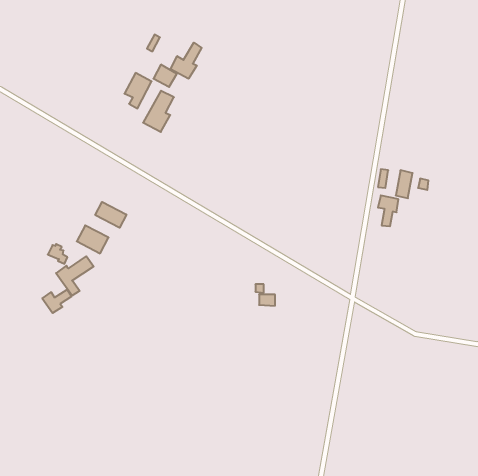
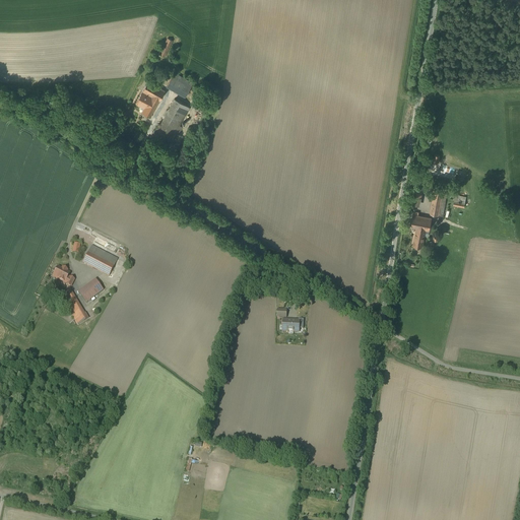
building: [171,43,202,79] -> none
building: [95,202,126,228] -> none
building: [42,289,71,313] -> none

